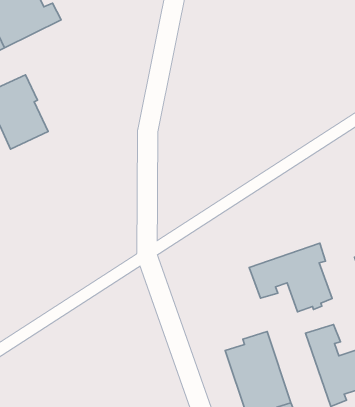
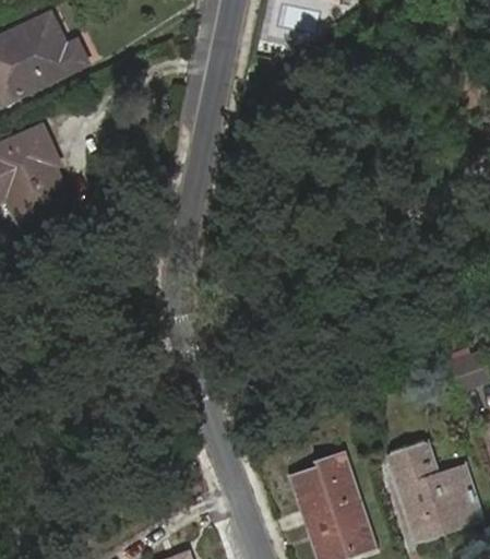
building: [249,243,332,312] -> none

